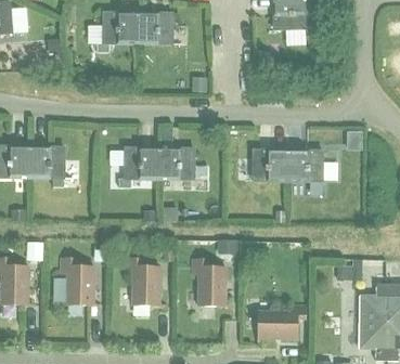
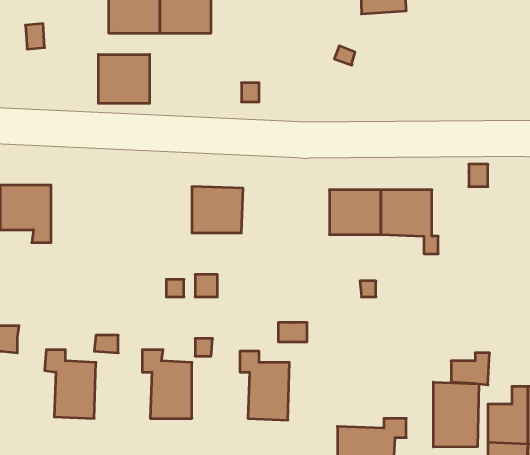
building: none -> [98,54,150,103]
building: [119,147,159,186] -> none
building: none -> [433,382,479,447]

